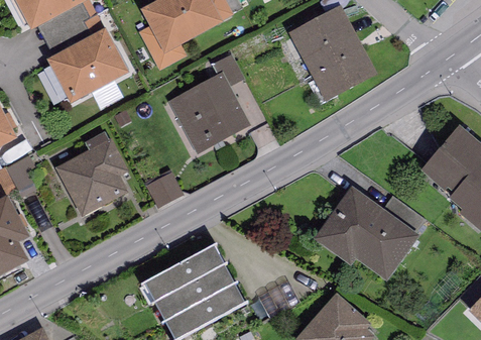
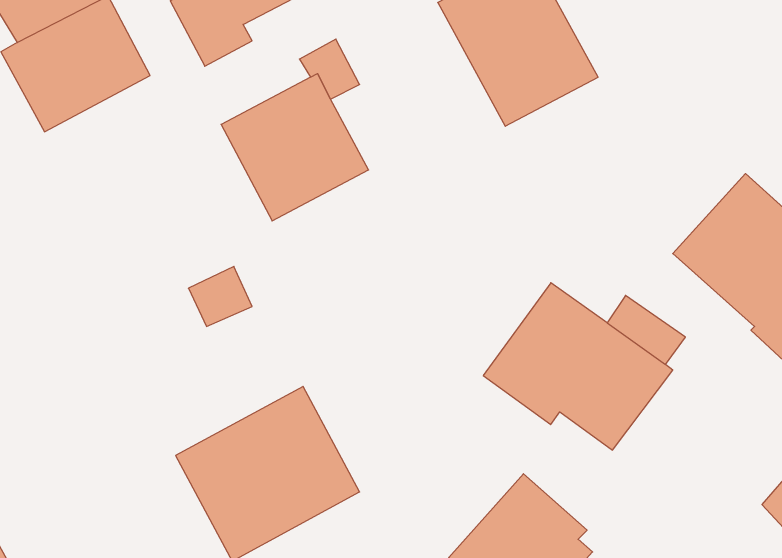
building: [55,133,128,215] -> none

